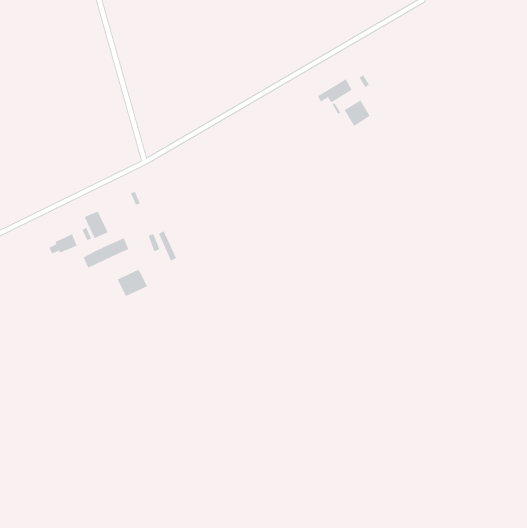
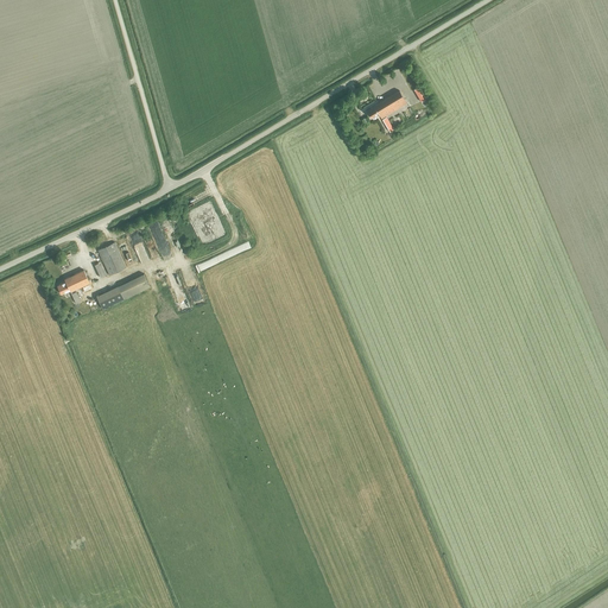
building: [344,99,371,127] -> none
building: [117,269,148,297] -> none

